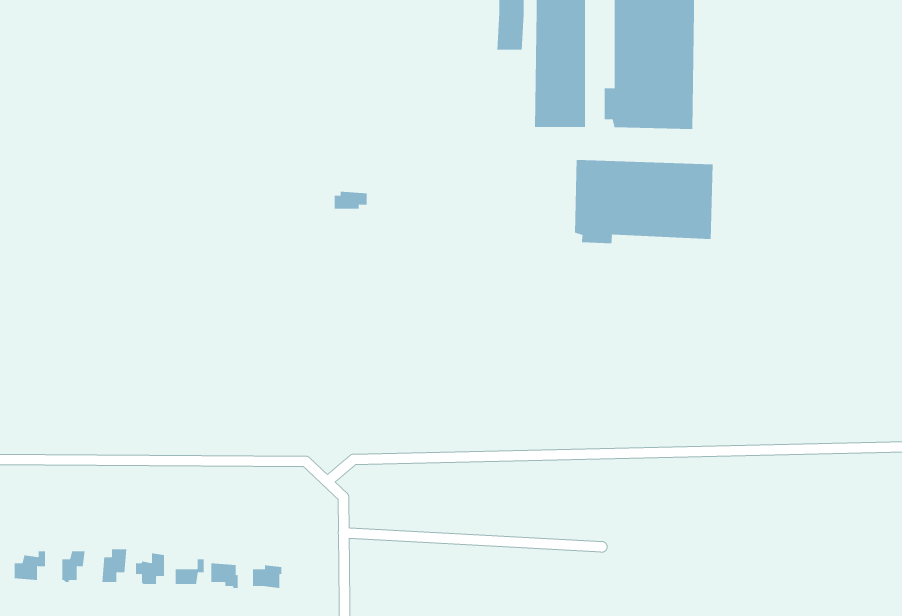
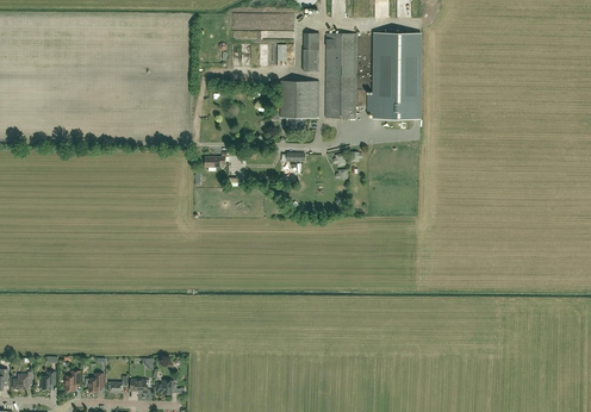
building: none -> [280,80,319,130]
building: [574,159,713,244] -> none

